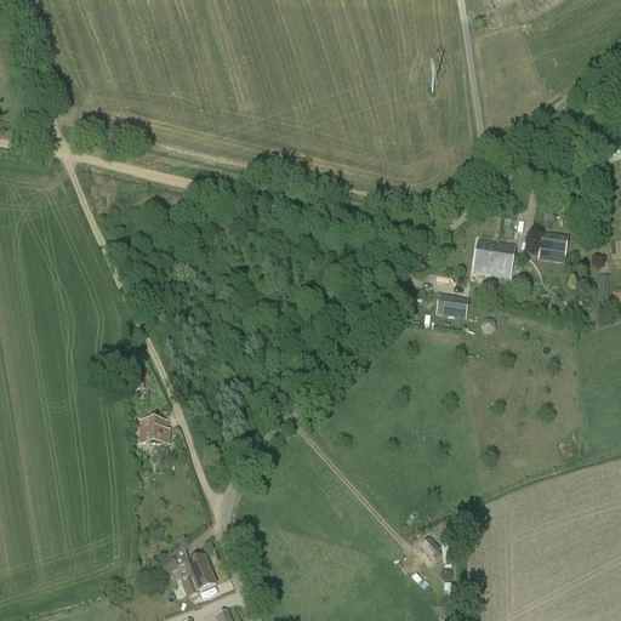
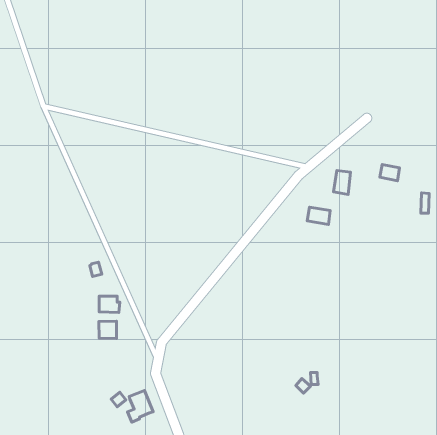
building: [494,244,514,278] -> none
building: none -> [99,321,116,338]

